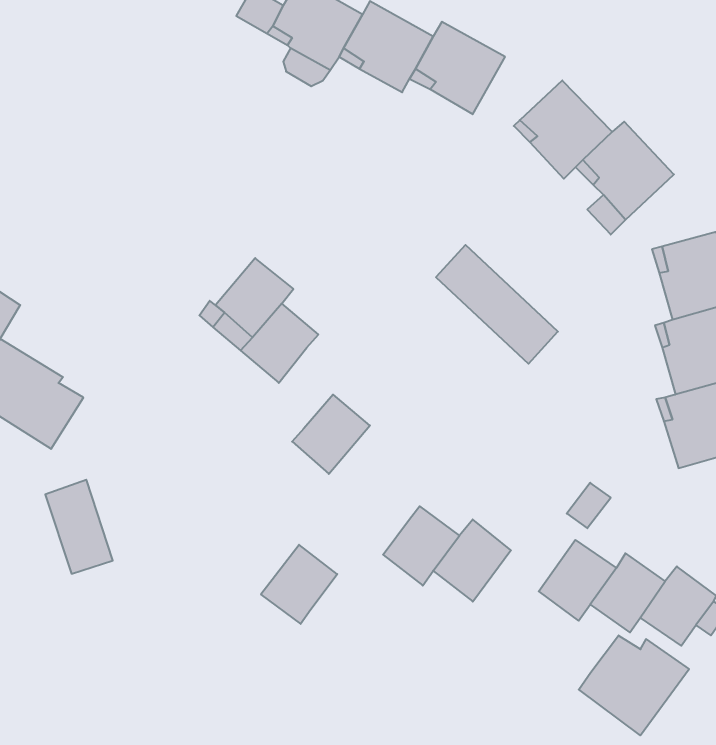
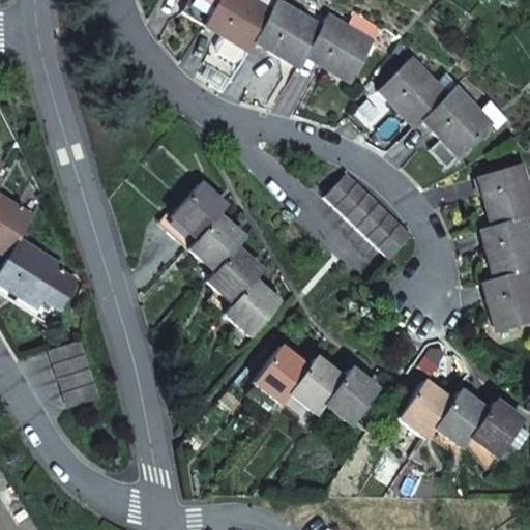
building: none -> [206,245,262,302]
building: [261,545,337,624] -> [254,346,307,402]
building: [579,635,689,735] -> none

